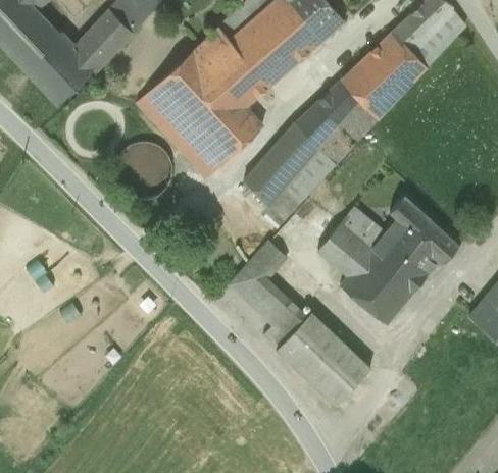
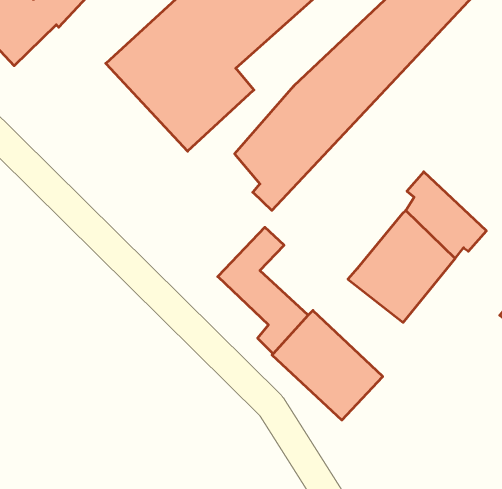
building: [317,205,387,276] -> none

